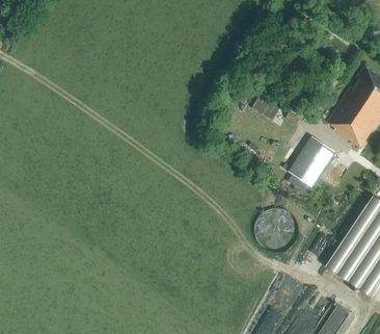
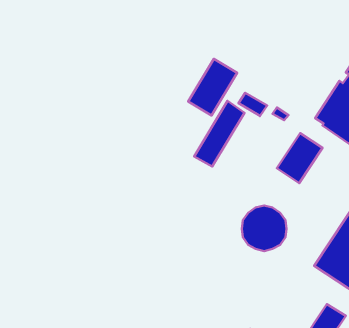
building: none -> [188,59,237,115]
building: none -> [194,101,245,166]

